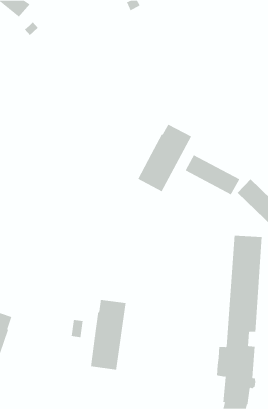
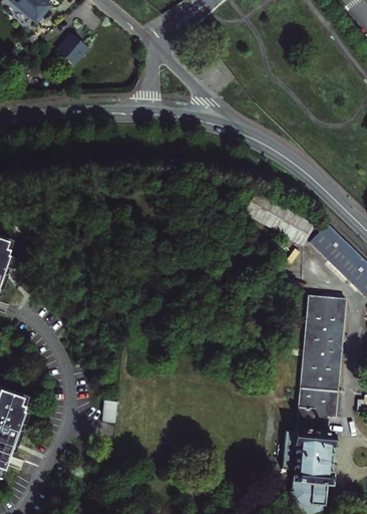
building: none -> [57,34,91,64]
building: [138,124,192,192] -> none
building: [90,299,126,371] -> none

